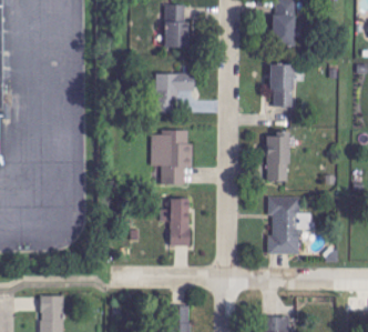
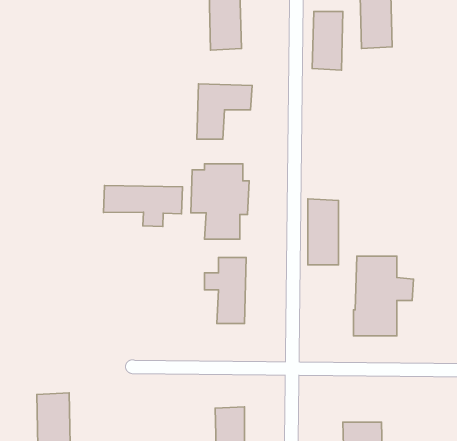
building: [272,64,294,107] -> [312,12,343,70]
building: [267,133,289,181] -> [308,199,338,265]
building: none -> [104,186,182,226]

